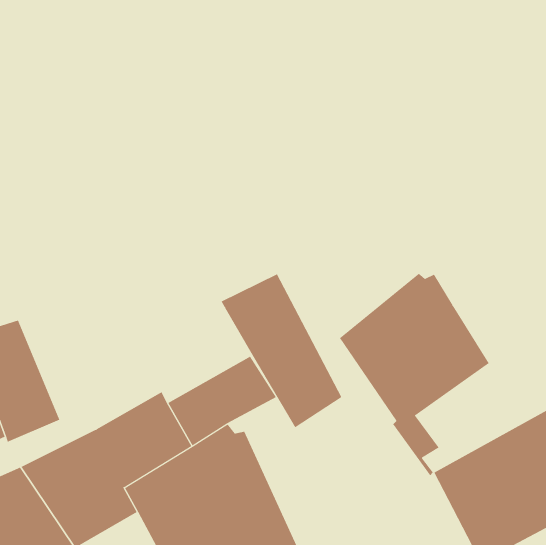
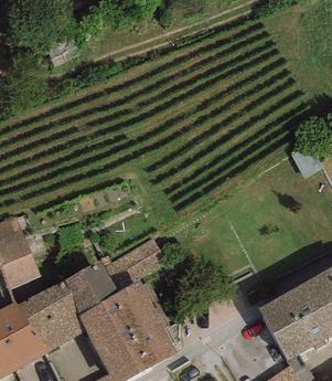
building: [339,273,489,476] -> none
building: [221,274,342,428] -> none

